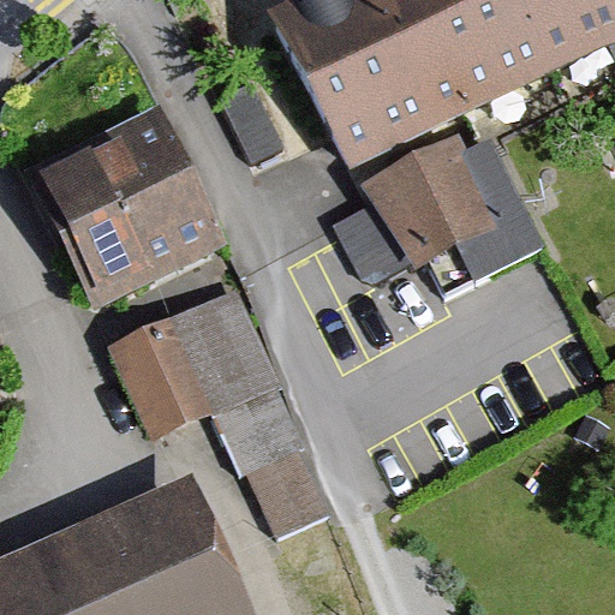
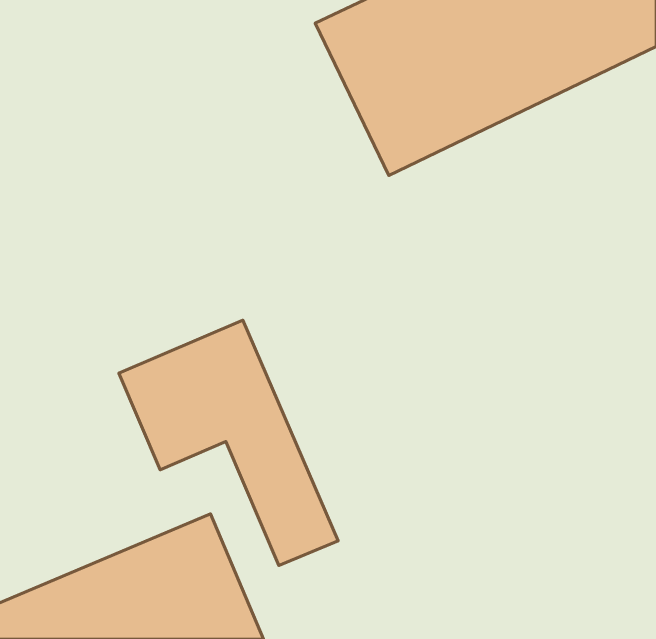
building: [34,119,217,304] -> none
building: [333,125,544,271] -> none

